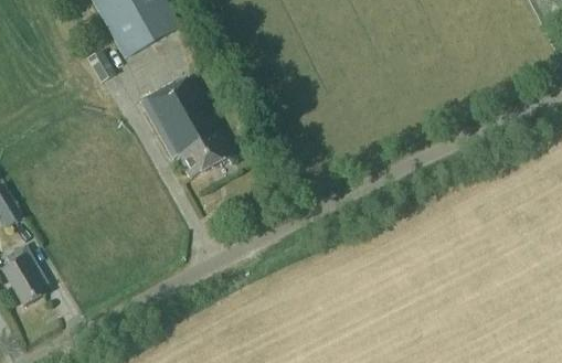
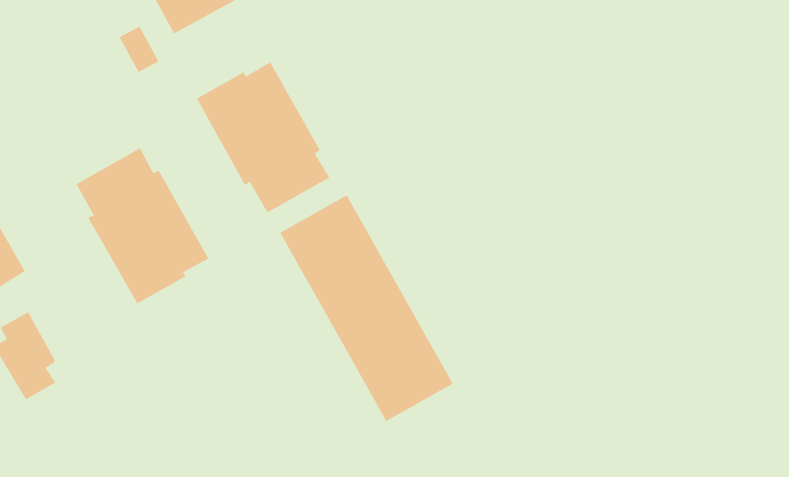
building: none -> [76,147,209,304]
building: none -> [280,195,454,422]

